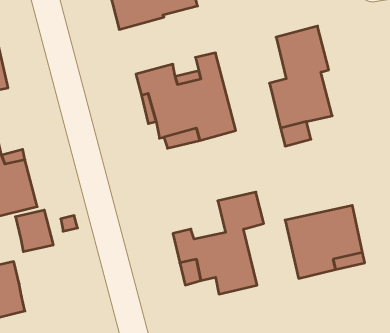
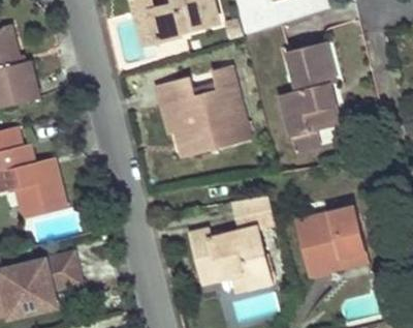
building: [15,210,53,252] -> [45,252,81,291]

